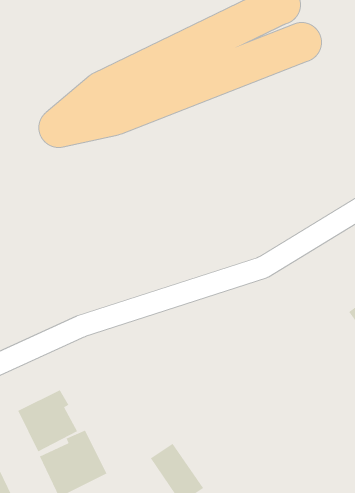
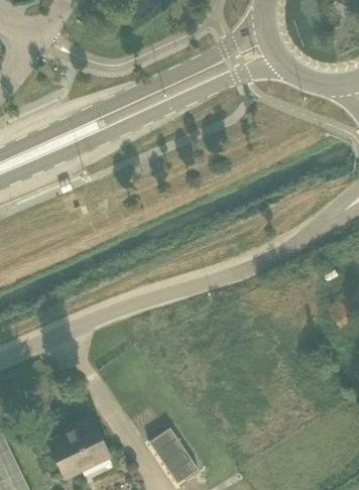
building: [17,389,78,452] -> none

